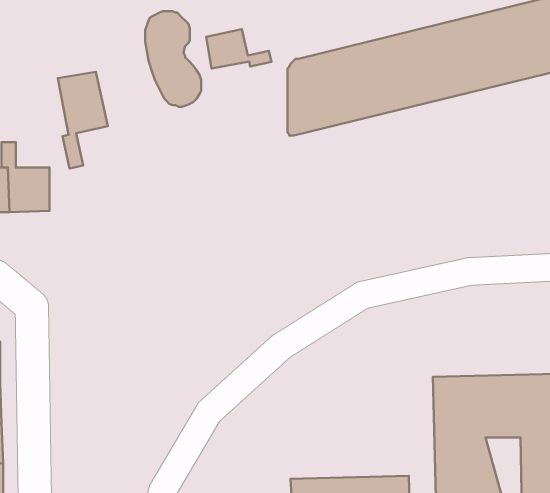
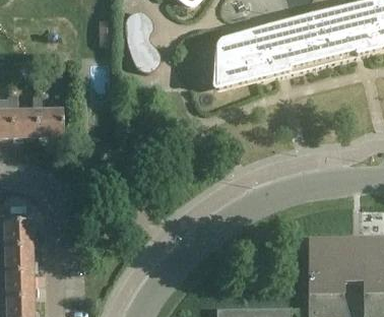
building: [206,29,271,68] -> none
building: [58,72,108,168] -> none

